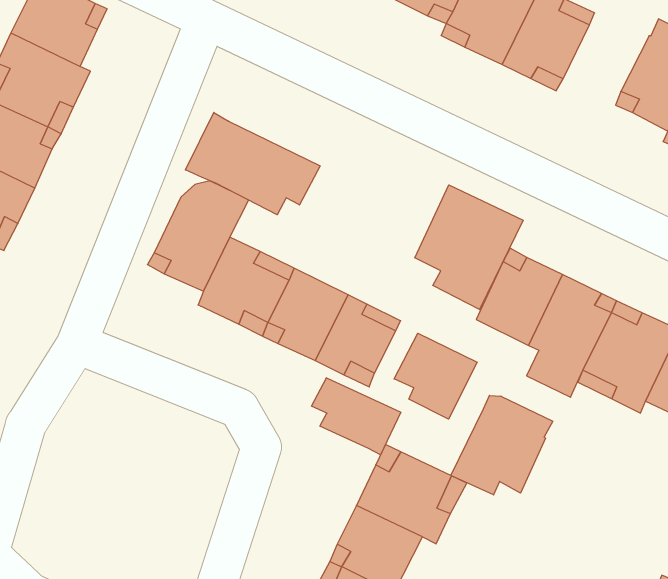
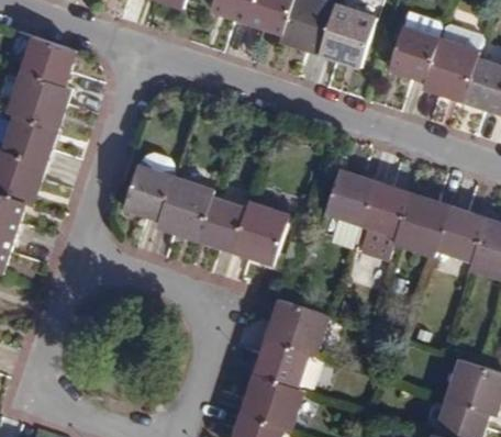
building: [185,112,320,215] -> none
building: [415,185,523,310] -> none
building: [394,333,477,419] -> none
building: [312,378,401,455] -> none
building: [451,395,553,495] -> none

